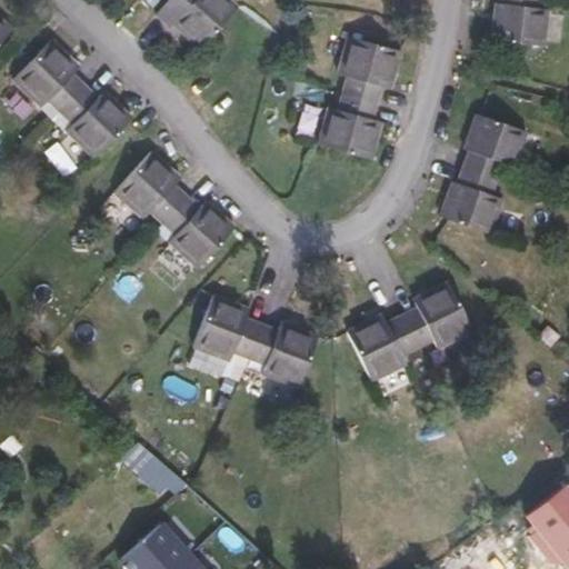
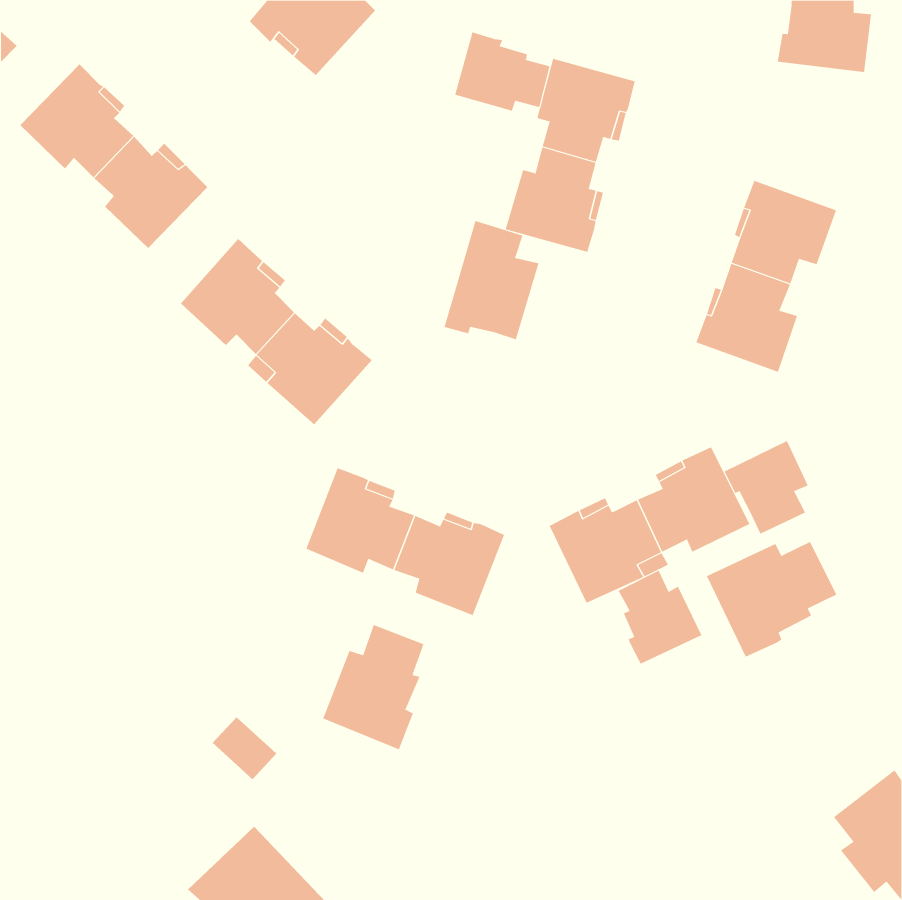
building: none -> [455,32,550,111]
building: none -> [444,220,539,340]
building: none -> [724,440,808,535]
building: none -> [706,541,837,658]
building: none -> [618,570,702,665]
building: none -> [323,624,424,750]

